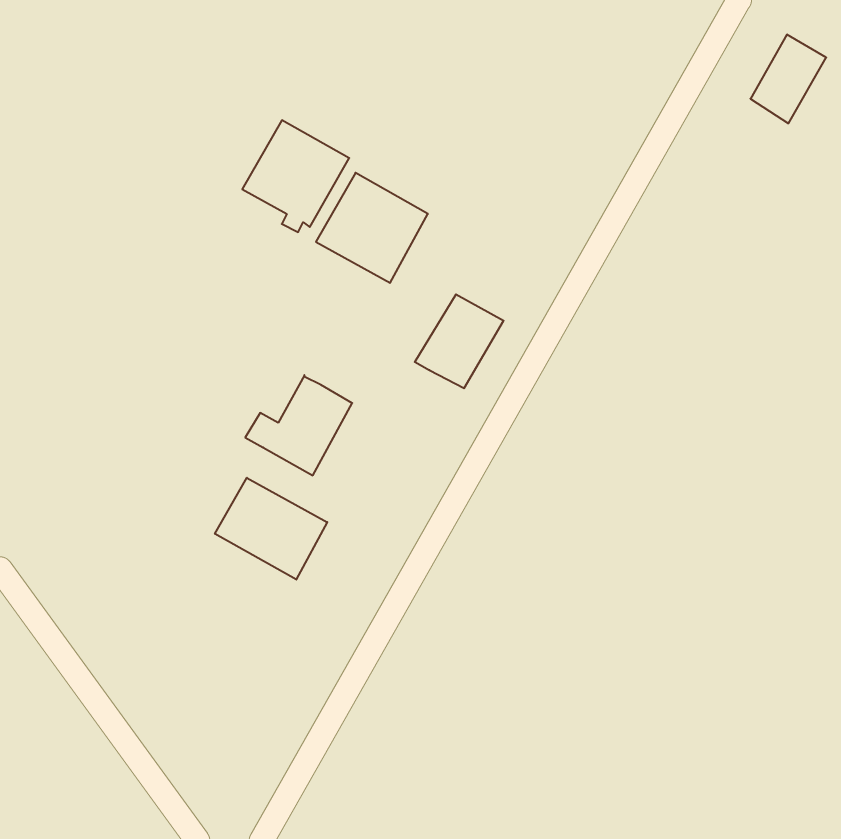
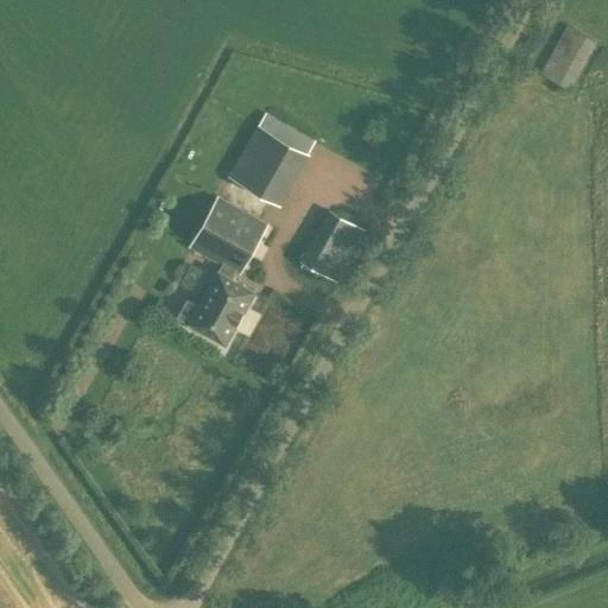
building: [242,120,349,232] -> [191,198,268,279]
building: [215,478,327,580] -> none

